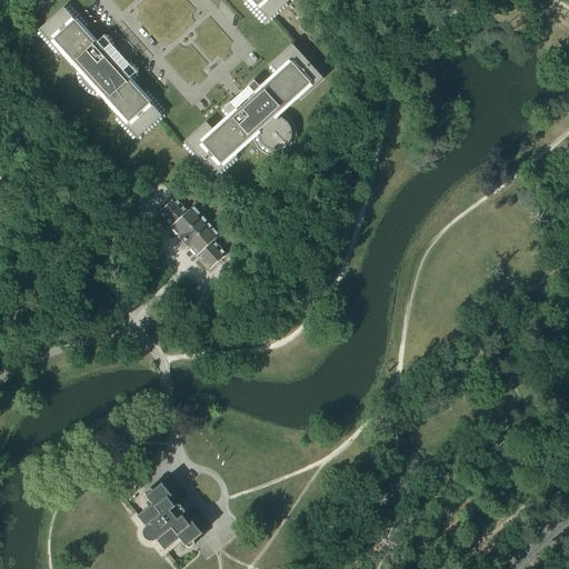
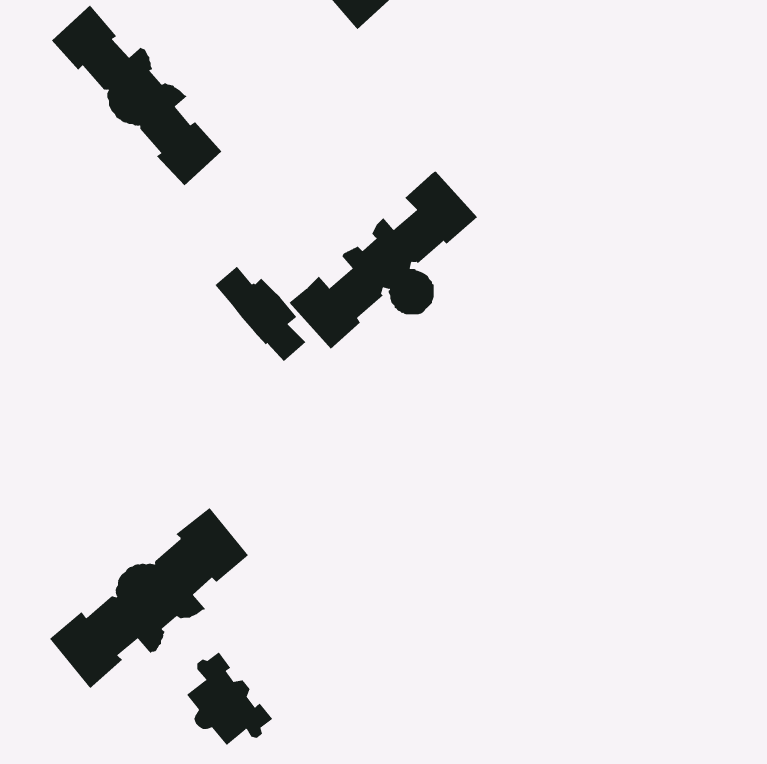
building: [183,43,323,176] -> [289,171,478,349]
building: none -> [49,507,249,689]

